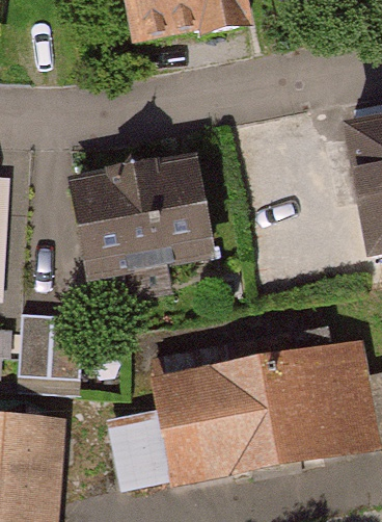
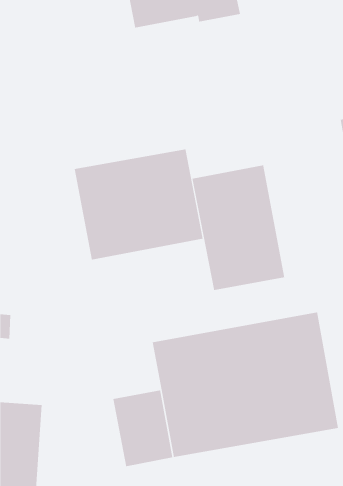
building: none -> [192,164,285,291]
building: [21,315,85,381] -> none

